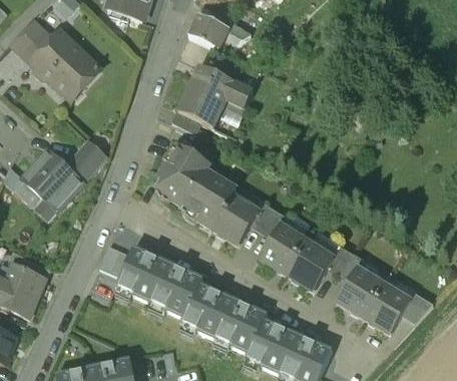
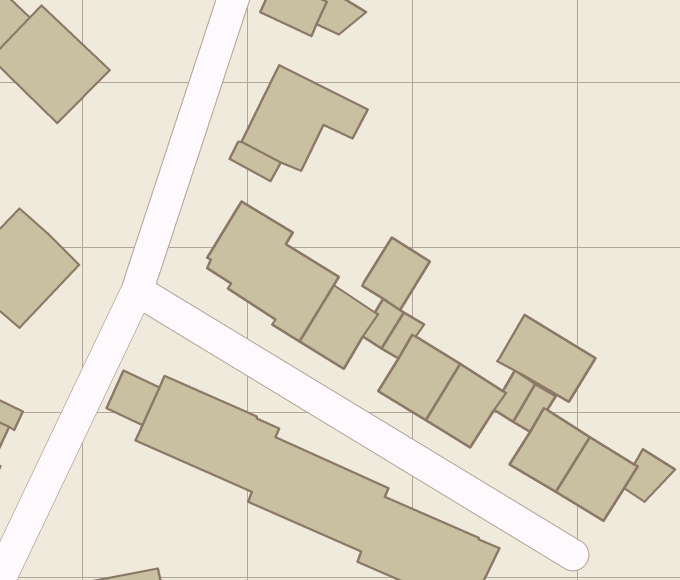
building: [65,138,106,182] -> none
building: none -> [362,237,430,310]
building: none -> [497,315,596,402]

